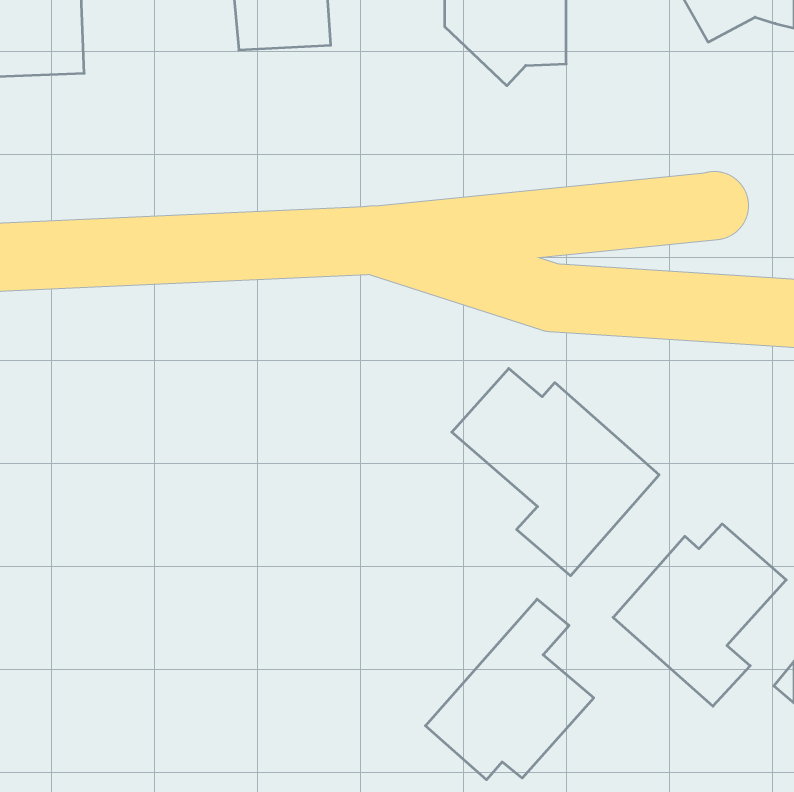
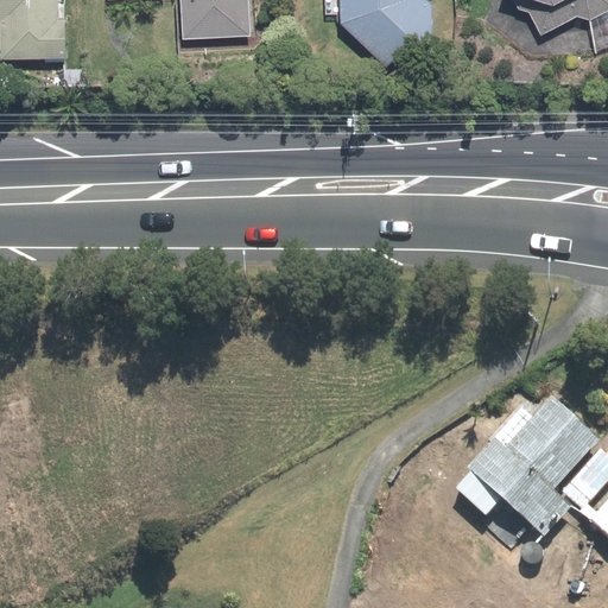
building: [452,368,659,576] -> none
building: [425,599,594,780] -> none

